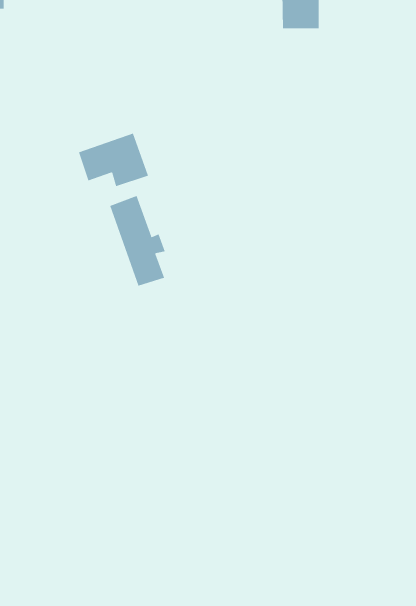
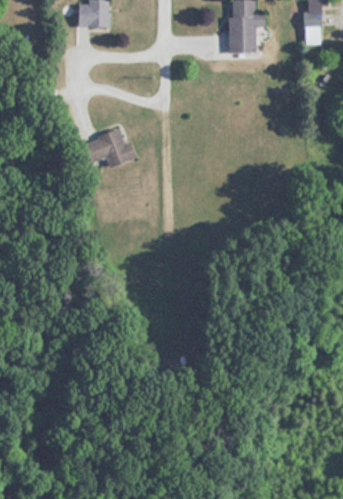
building: [110,195,166,287] -> none

